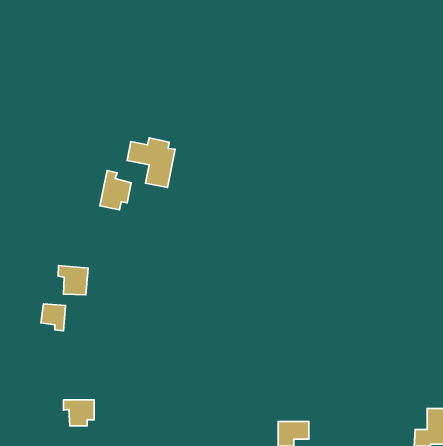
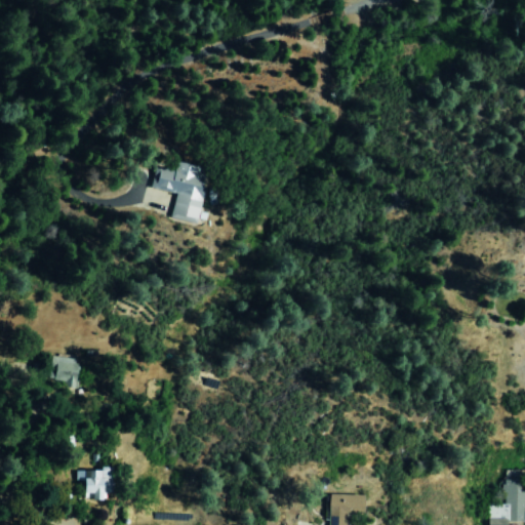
building: [100,171,131,210] -> none
building: [58,266,88,295] -> none

